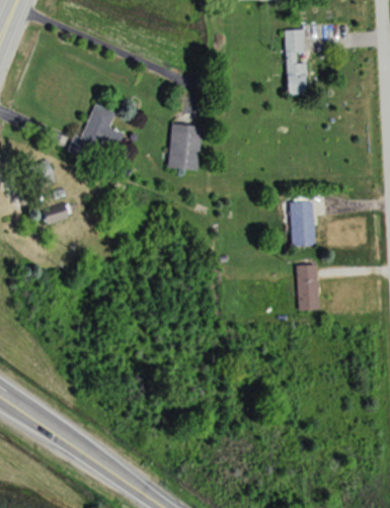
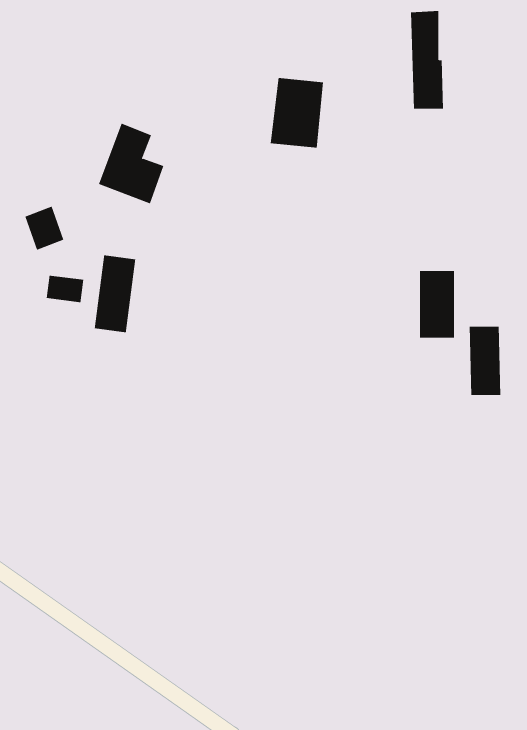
building: [167,123,203,170] -> [270,77,324,148]
building: none -> [94,255,136,333]
building: [297,265,318,311] -> [469,326,501,395]

